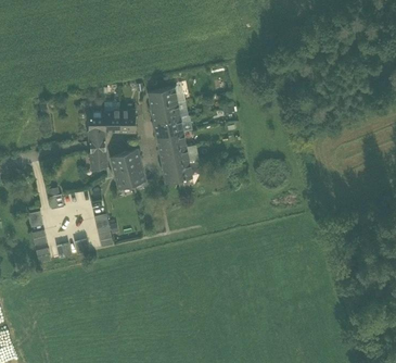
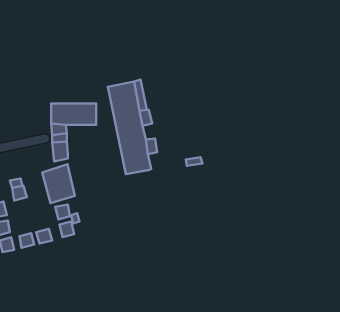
building: [110,149,143,189] -> [42,164,75,203]

